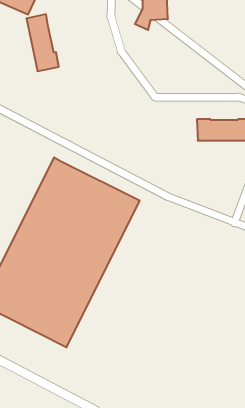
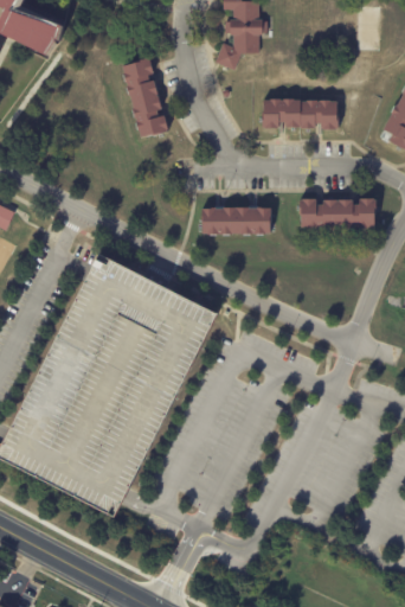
building: [26,14,59,71] -> [121,58,166,138]
building: none -> [261,98,335,128]
building: none -> [199,206,269,235]

